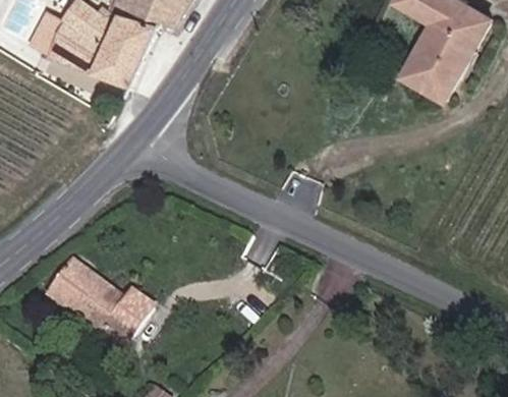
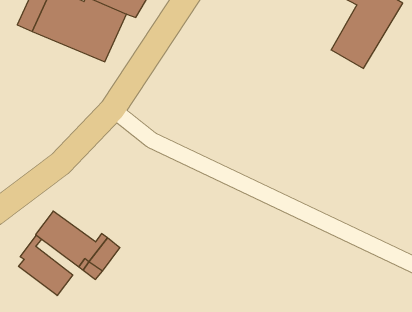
building: none -> [19,235,73,296]

